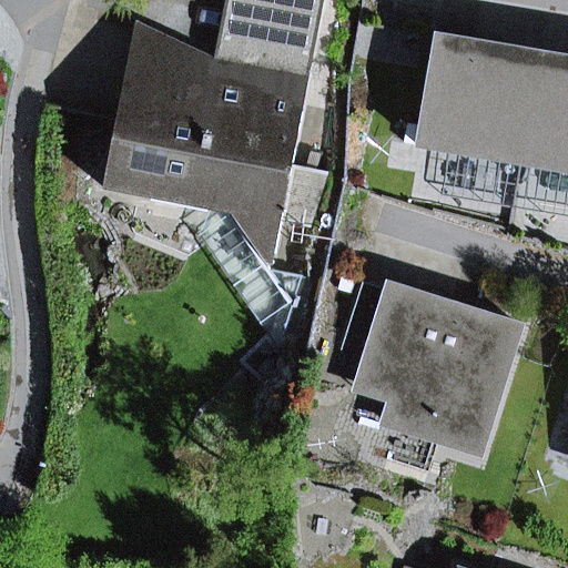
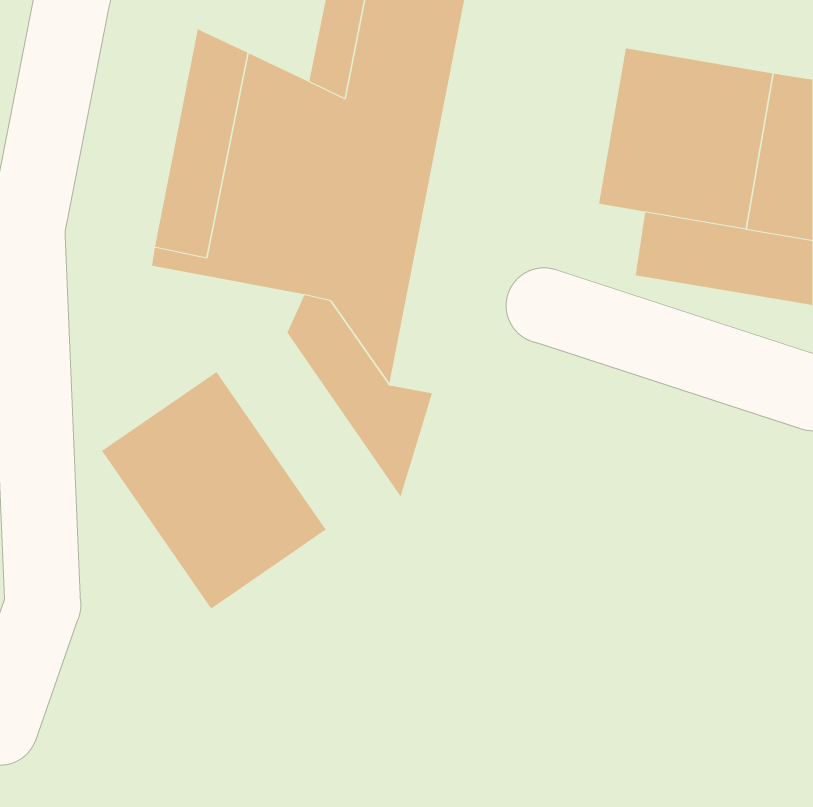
building: none -> [101,371,326,609]
building: [355,281,521,452] -> none

